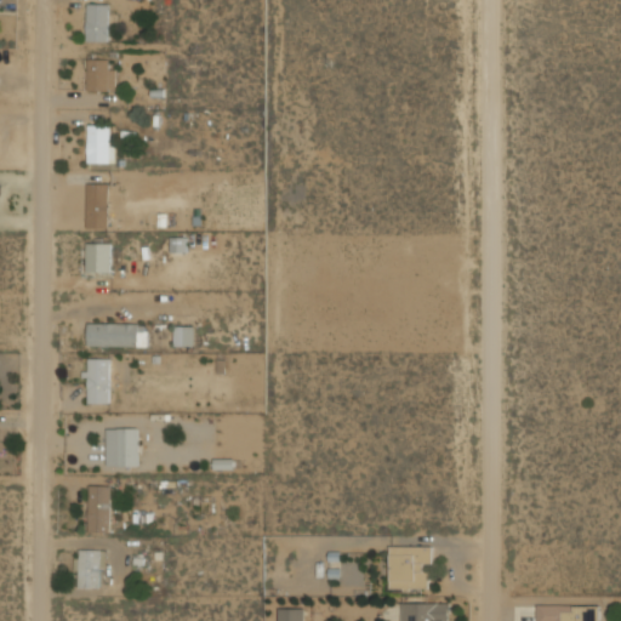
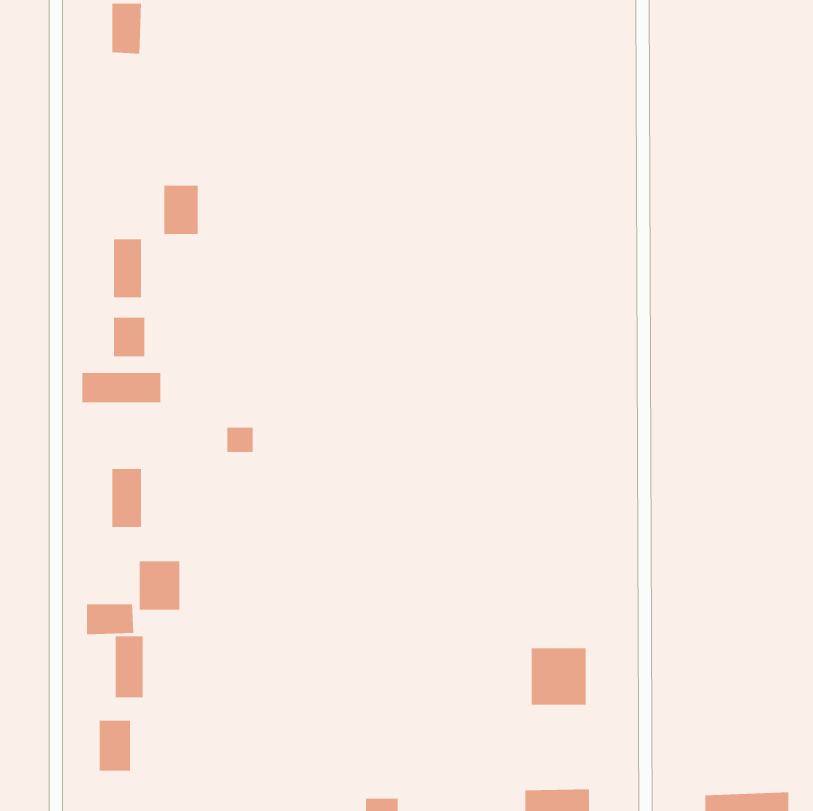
building: [86,59,115,92] -> none
building: [86,127,113,165] -> [163,185,199,235]
building: [86,324,147,347] -> [82,373,161,403]
building: none -> [87,603,134,635]
building: [388,547,431,591] -> [531,648,586,705]

